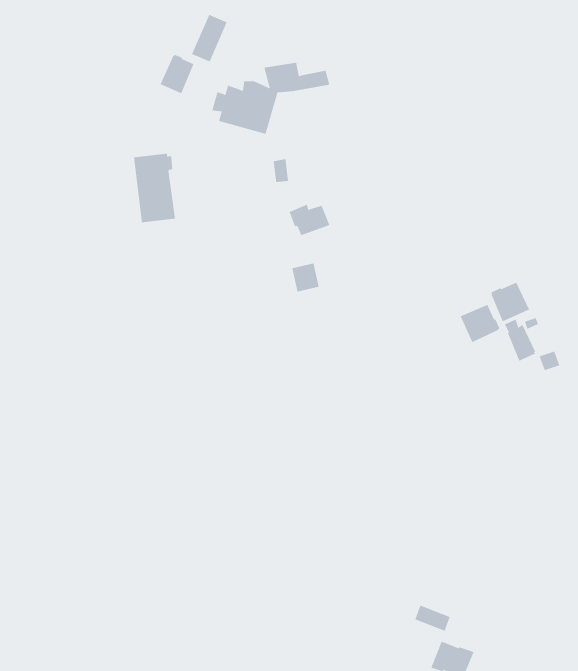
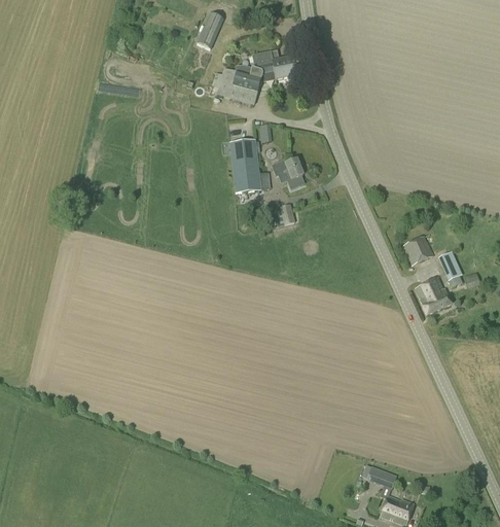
building: [160,54,194,94] -> none
building: [133,153,176,223] -> [229,139,262,192]
building: [490,282,530,322] -> none
building: none -> [416,277,452,315]

